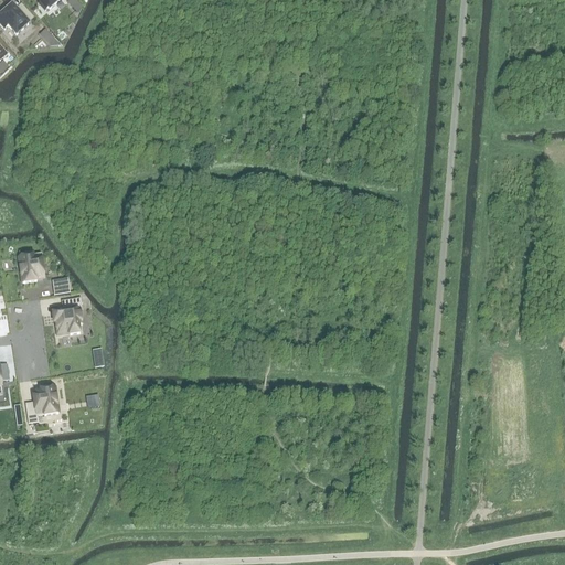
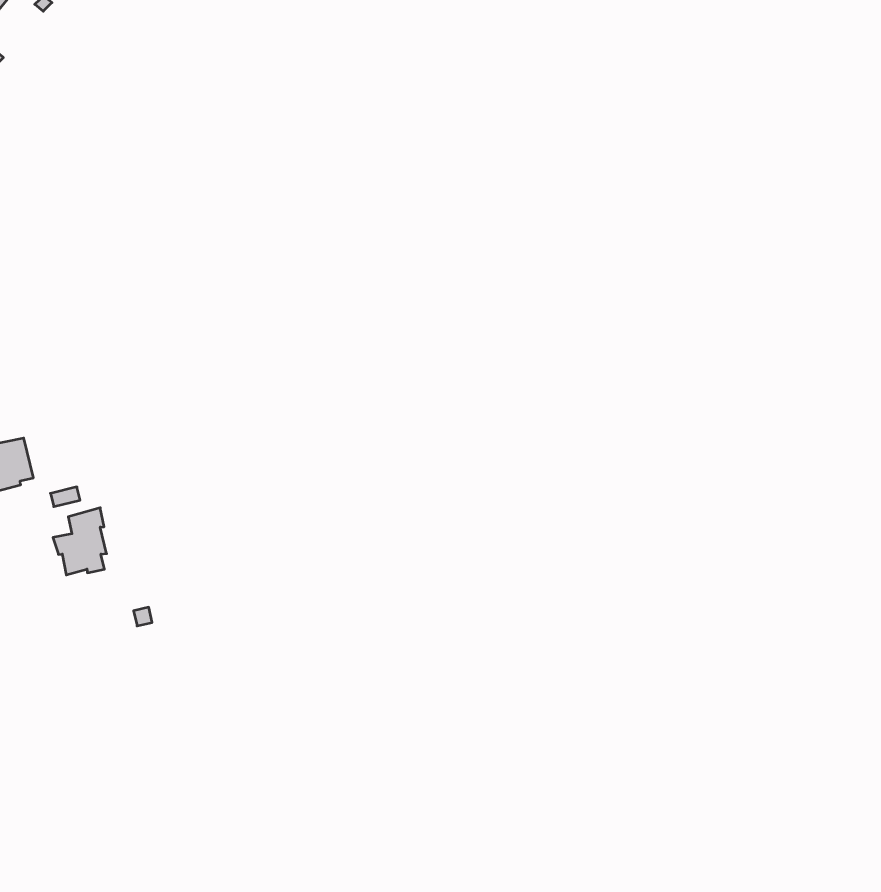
building: [24,384,57,422] -> none

